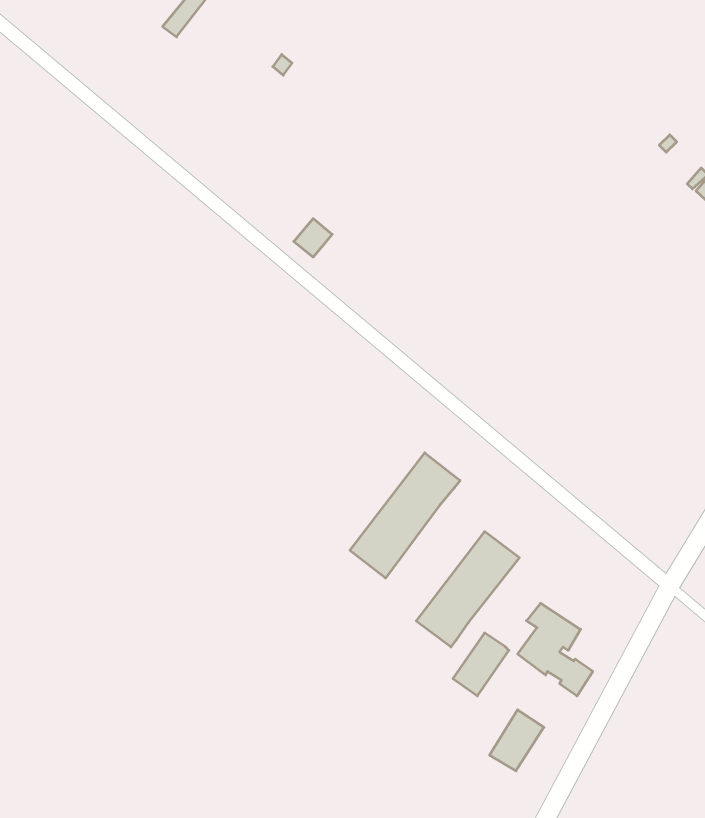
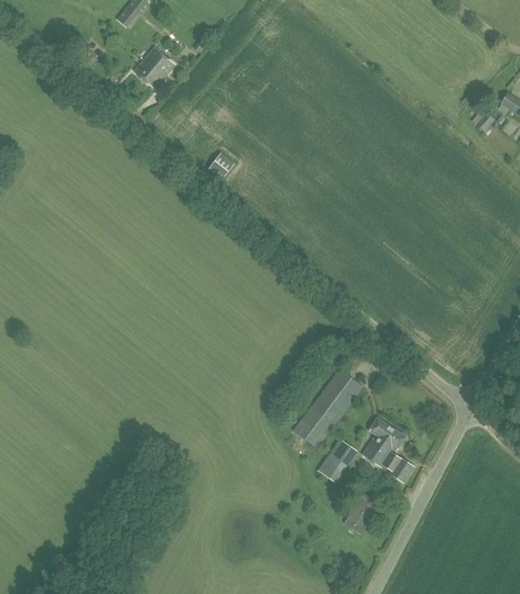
building: none -> [134,47,174,88]
building: [350,453,460,578] -> none

